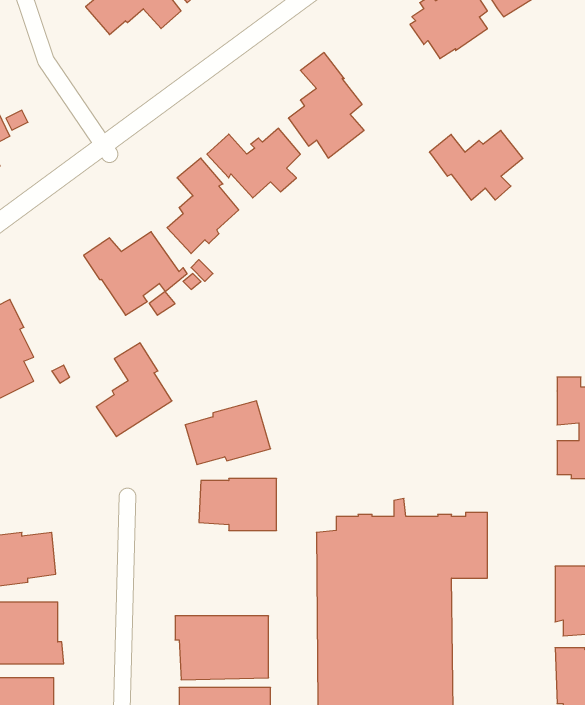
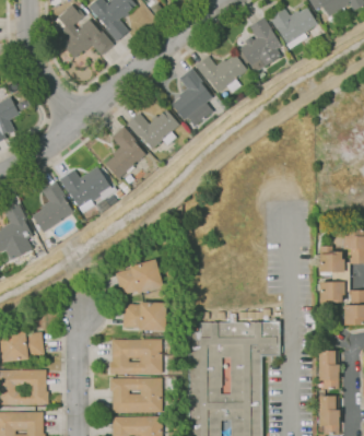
building: [429,130,523,200] -> [196,54,247,92]
building: [96,343,172,437] -> [32,180,73,232]
building: none -> [110,339,162,373]

